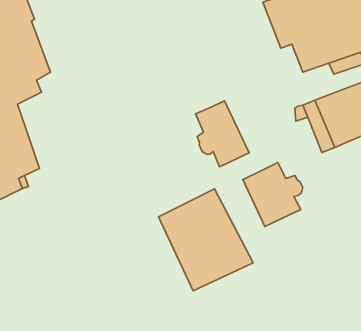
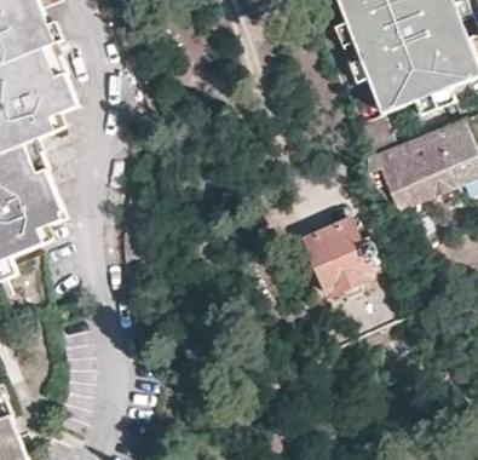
building: [195,101,249,167] -> none
building: [158,189,253,291] -> none

